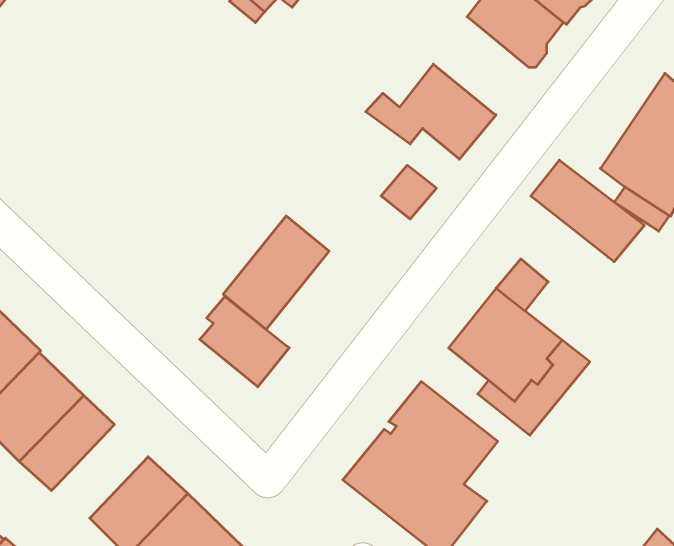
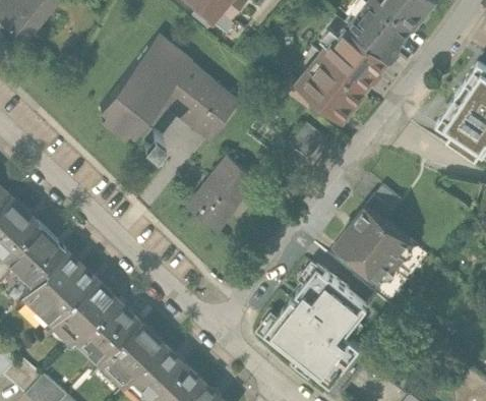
building: none -> [321,26,389,91]
building: none -> [100,37,241,151]
building: [531,160,644,262] -> none
building: [200,296,289,387] -> none
building: none -> [75,297,136,359]

